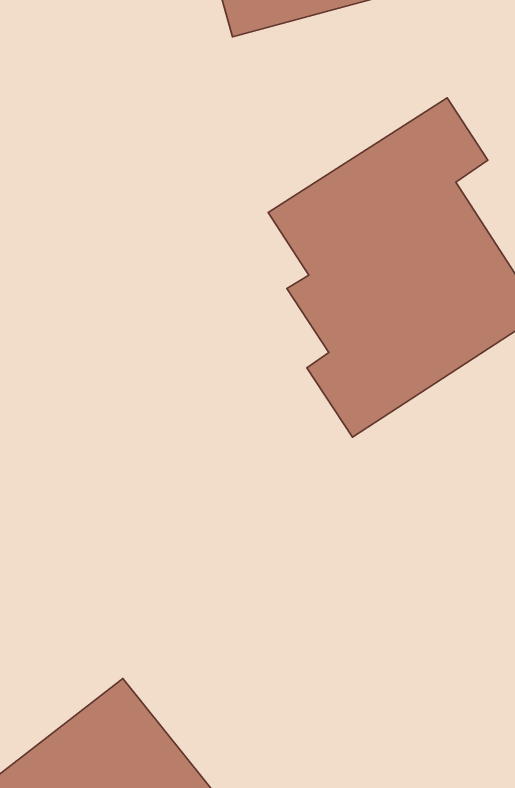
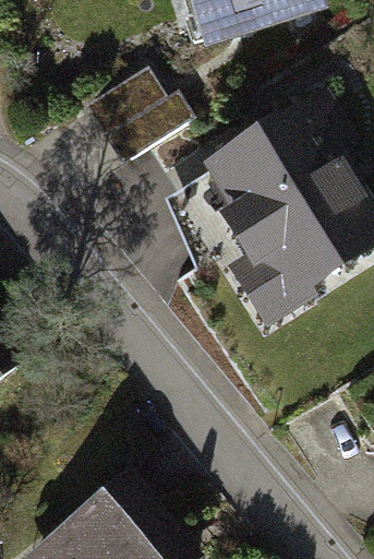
building: none -> [81,71,198,170]

